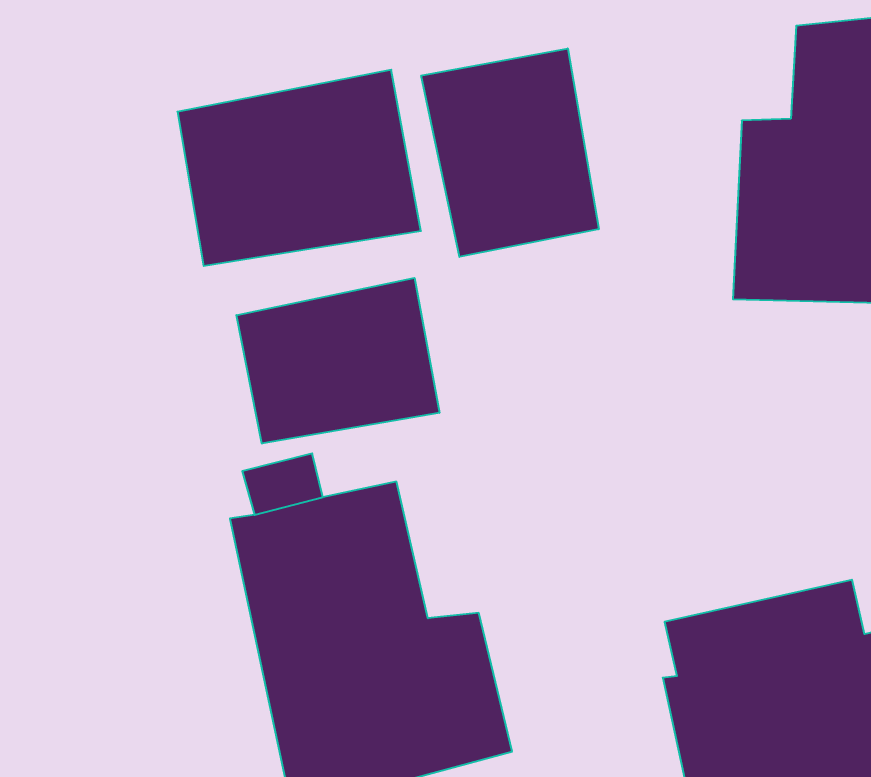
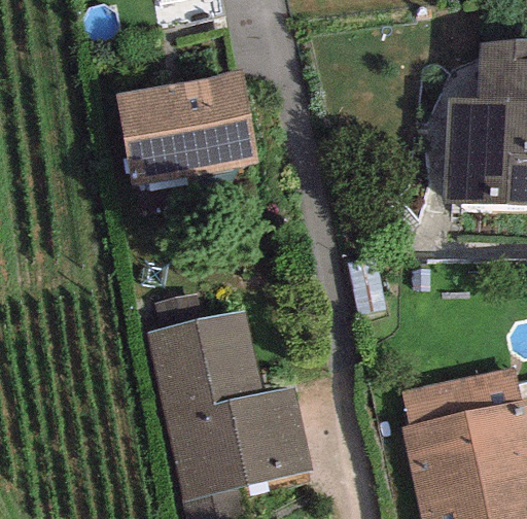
building: [421,48,599,257] -> none
building: [236,278,439,444] -> none

